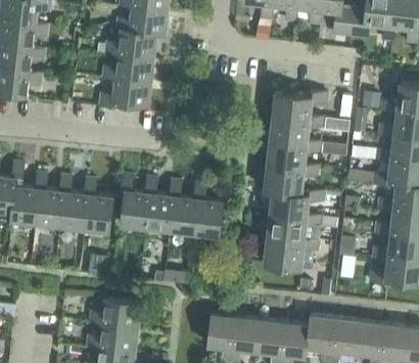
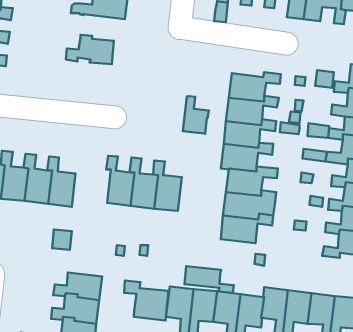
building: [96,30,155,57] -> none
building: [99,75,150,107] -> none
building: none -> [183,96,209,134]
building: [120,174,149,226] -> none
building: none -> [185,266,234,293]
building: none -> [124,280,169,320]

